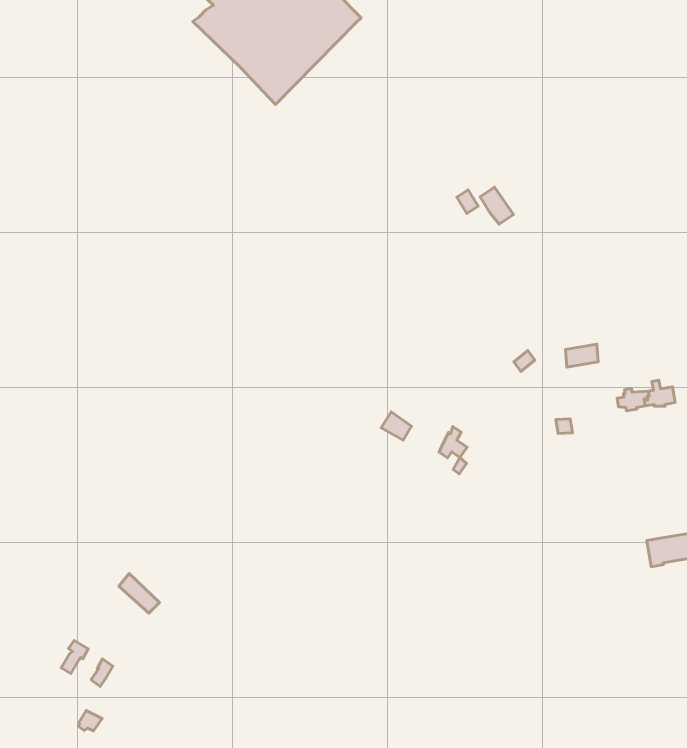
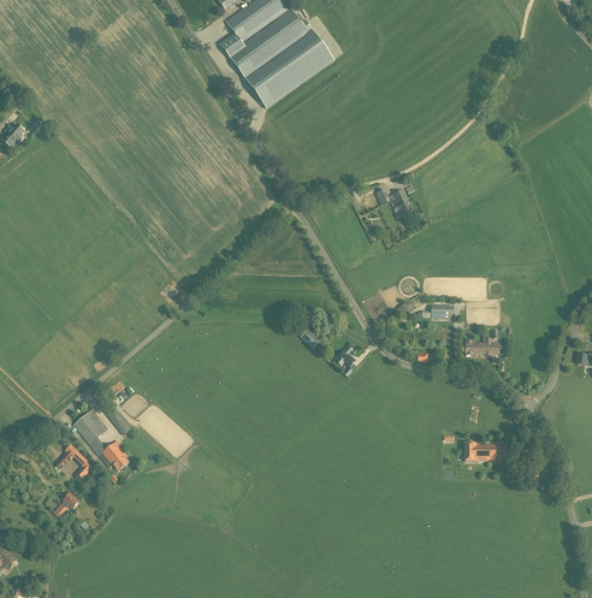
building: none -> [73,409,129,470]

